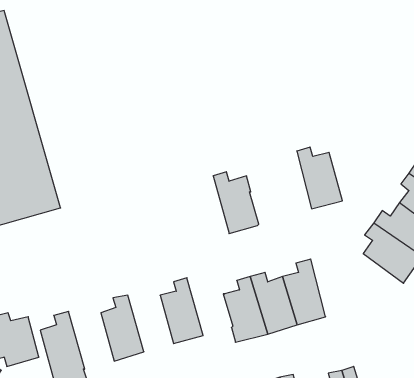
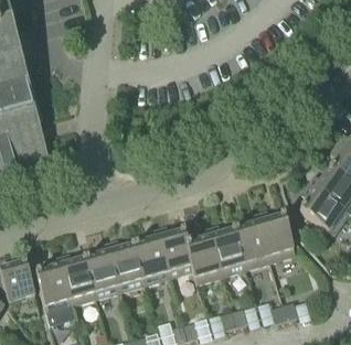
building: [297,147,342,209] -> [258,211,296,261]
building: [213,172,259,234] -> [157,226,194,277]
building: none -> [108,240,146,290]
building: none -> [60,254,97,304]

